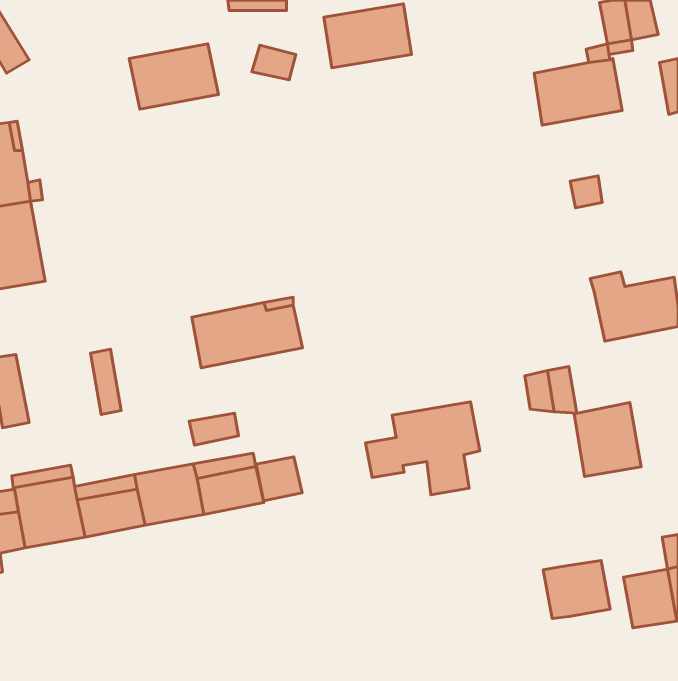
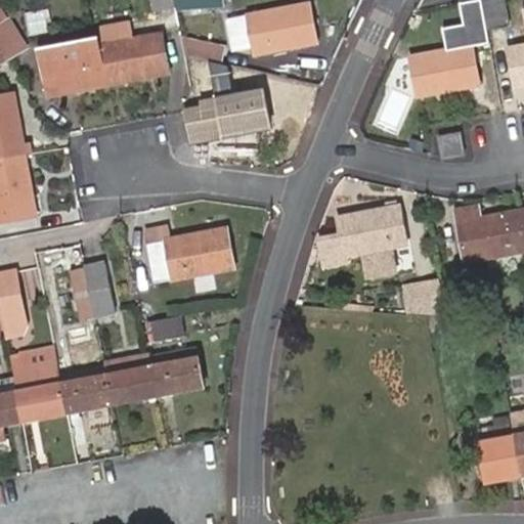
building: none -> [39,45,107,95]
building: none -> [183,69,270,143]
building: none -> [85,264,114,315]
building: [365,402,480,495] -> [317,208,405,279]
building: [574,402,641,477] -> none
building: [256,457,302,501] -> none
building: [543,561,610,619] -> none

